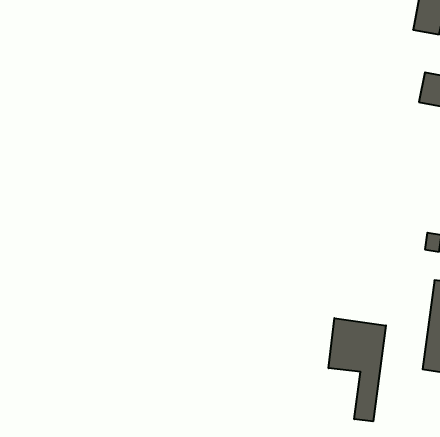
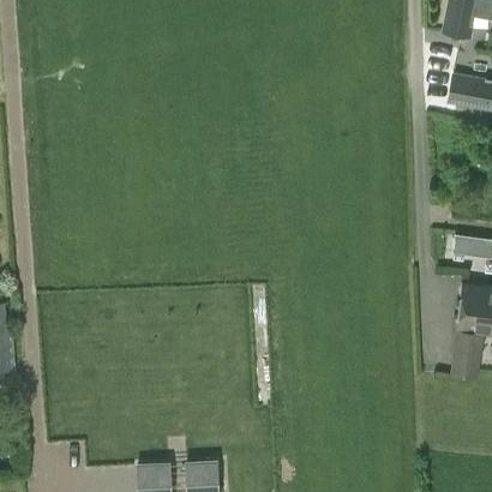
building: [329,318,386,421] -> none

